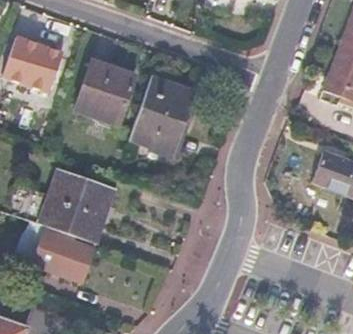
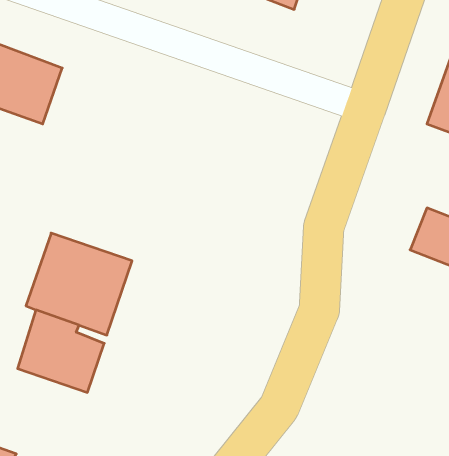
building: [74,60,135,125] -> none
building: [129,76,194,152] -> none

